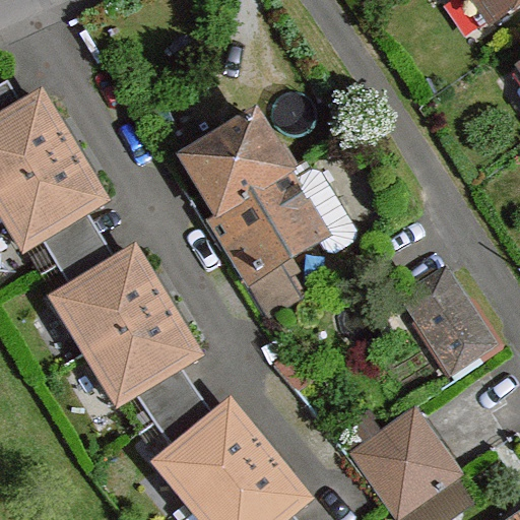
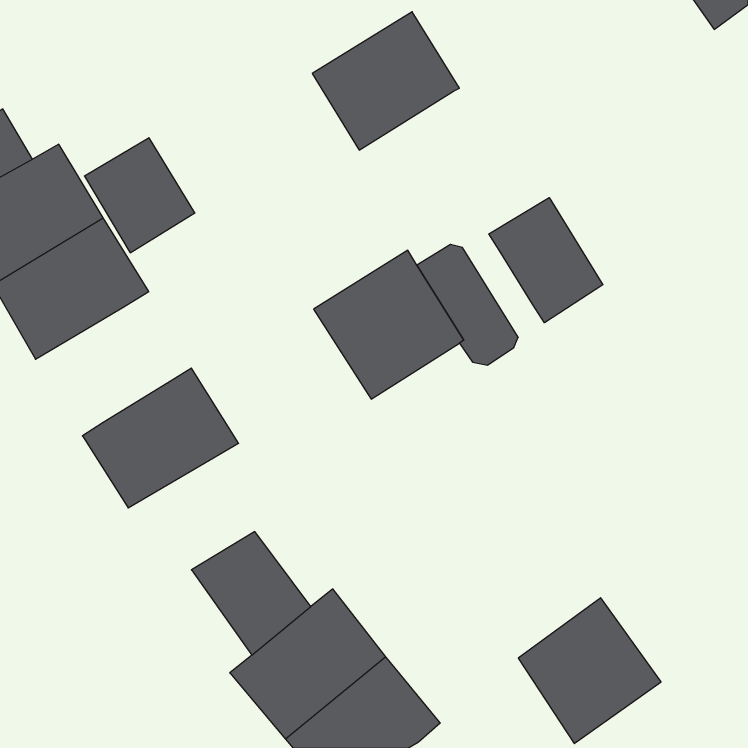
building: [184,118,285,213] -> [312,12,459,150]
building: none -> [489,198,603,323]
building: [40,212,116,291] -> [84,138,195,253]
building: [406,272,490,368] -> none
building: [88,306,194,401] -> none

